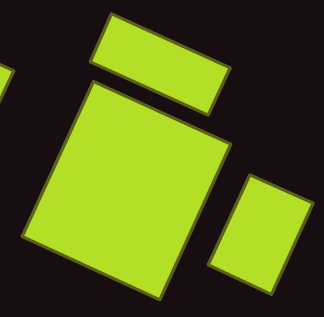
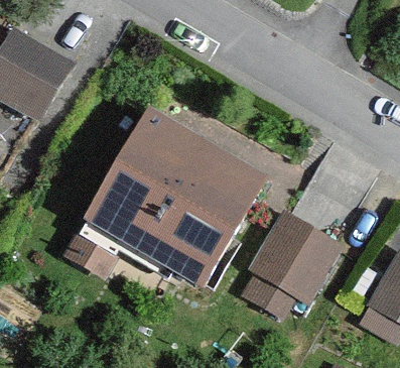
building: [90,14,230,115] -> none

